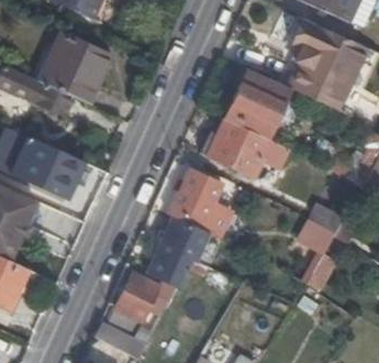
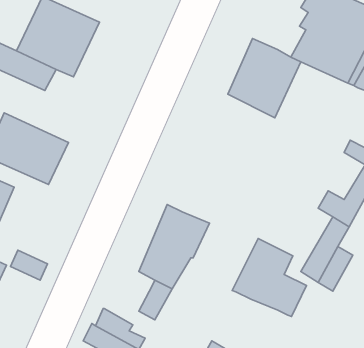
building: [207,118,287,175] -> none
building: [168,168,234,238] -> [232,238,306,317]
building: [115,274,158,322] -> none

